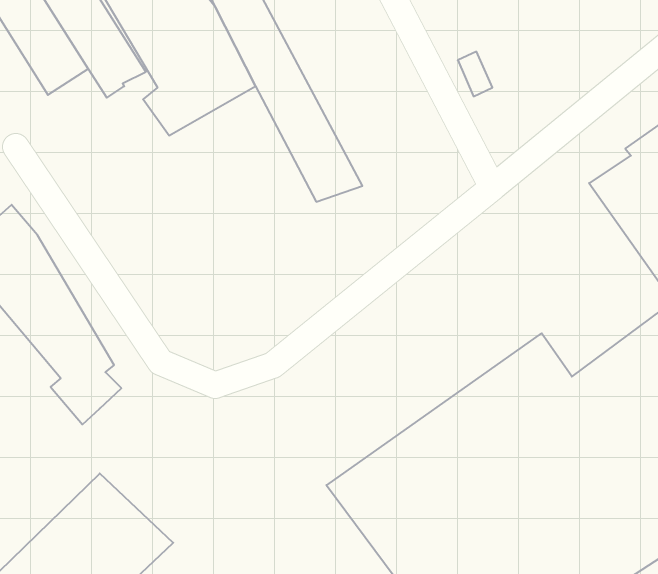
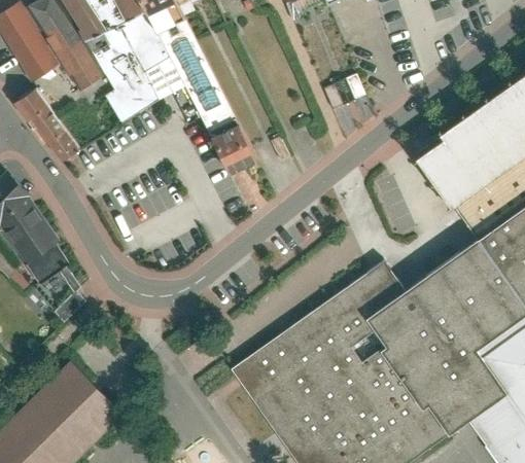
building: none -> [21,92,78,159]

